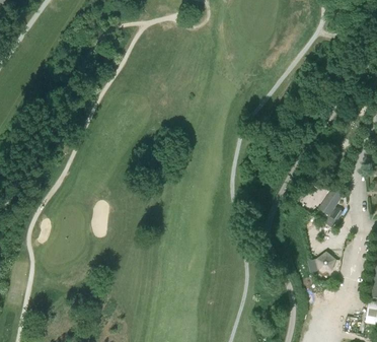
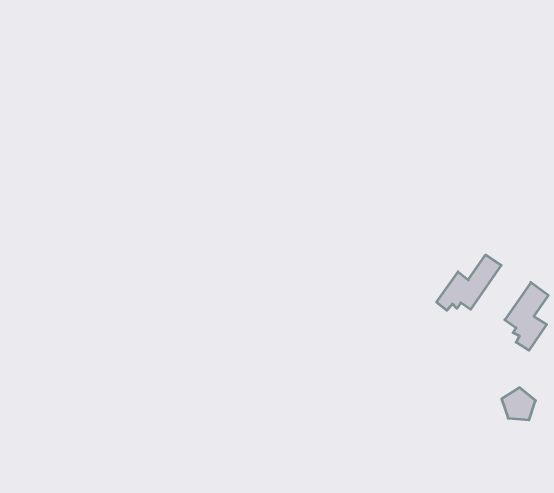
building: none -> [437,255,501,310]

